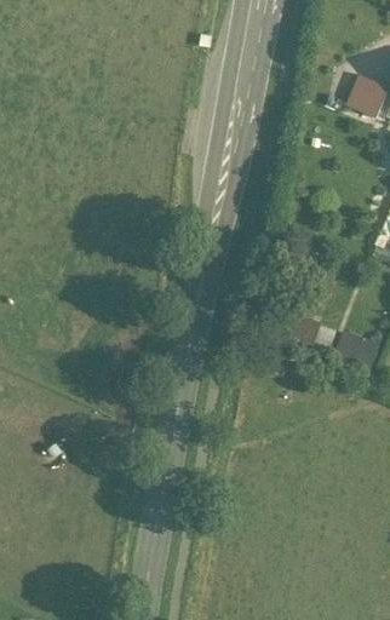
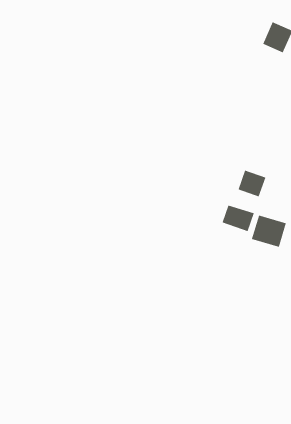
building: none -> [238,169,266,198]

